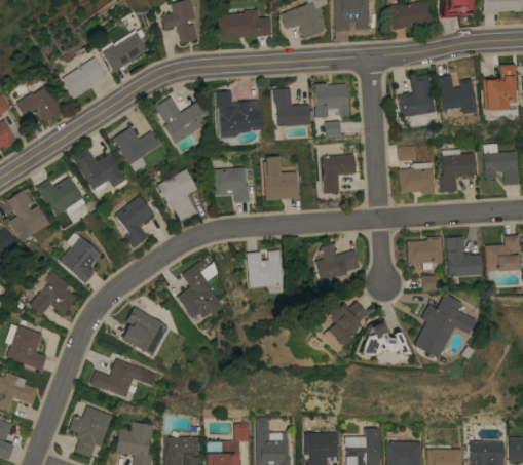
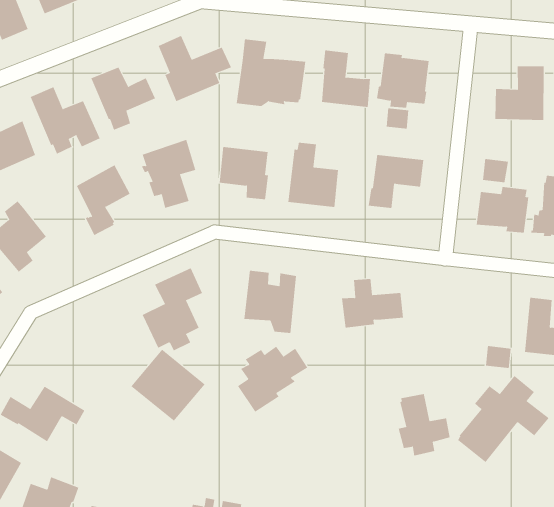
building: [407,236,443,264] -> none
building: [320,301,367,351] -> [237,346,308,413]
building: [117,307,170,356] -> [130,349,206,422]

